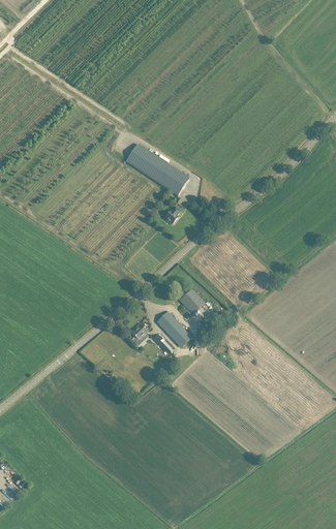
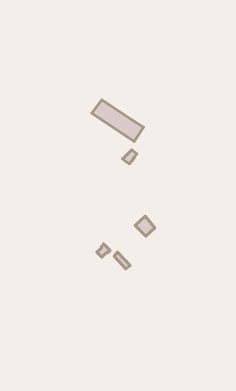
building: [156,311,191,342] -> none

